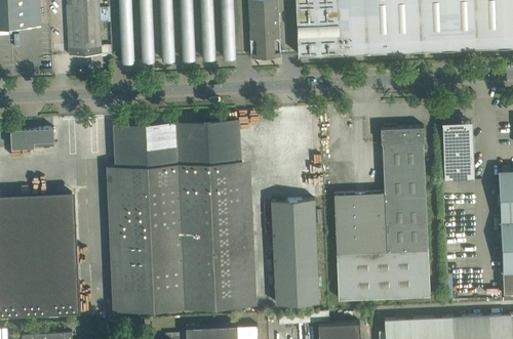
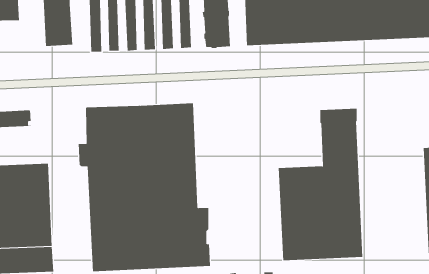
building: [442,123,474,181] -> none
building: [271,200,319,304] -> none

